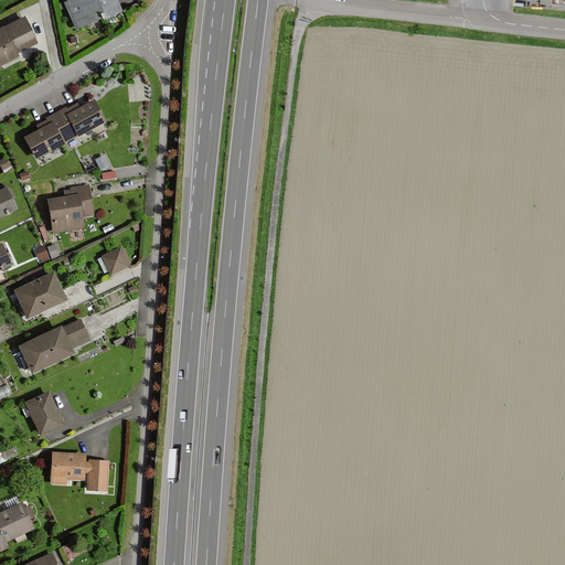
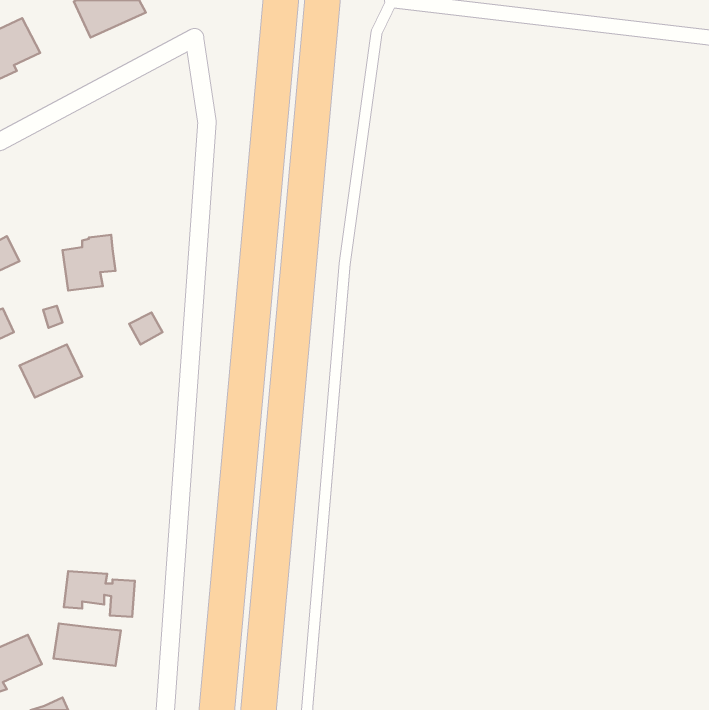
building: [25,100,105,158] -> none
building: [20,322,88,372] -> none
building: [25,393,63,435] -> none
building: none -> [53,623,121,666]

